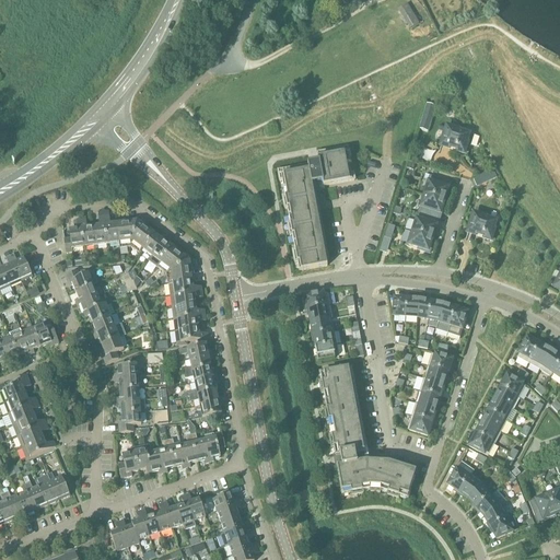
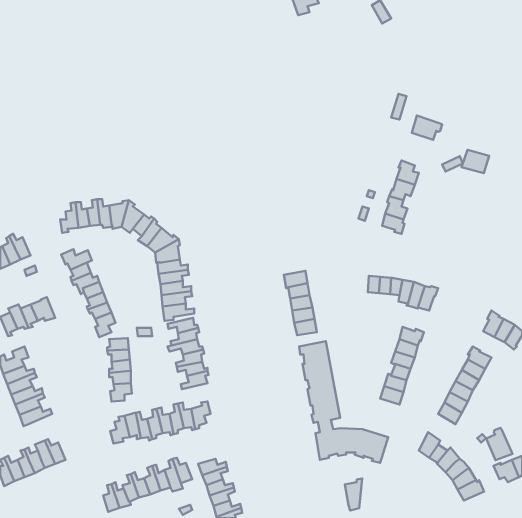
building: [278,143,354,268] -> none
building: [467,211,497,236] -> [461,150,489,173]
building: none -> [486,428,512,460]
building: none -> [345,479,362,510]

